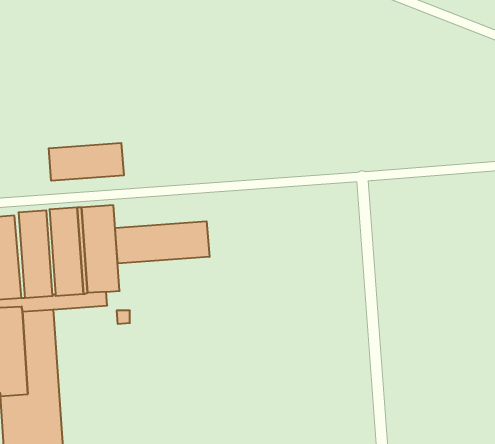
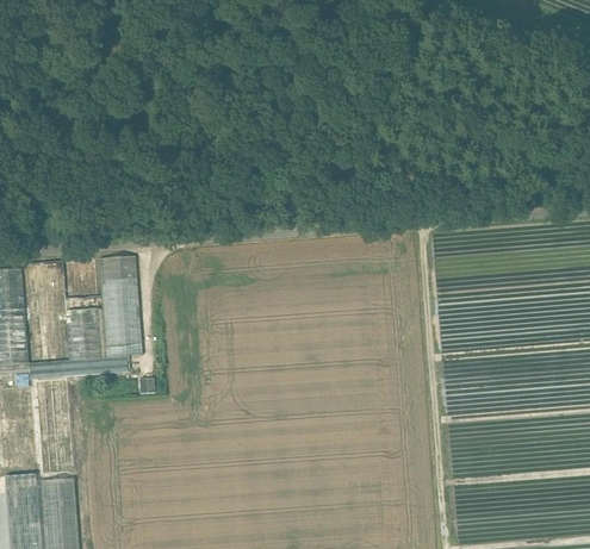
building: [49,143,124,181] -> none
building: [115,221,209,263] -> none

